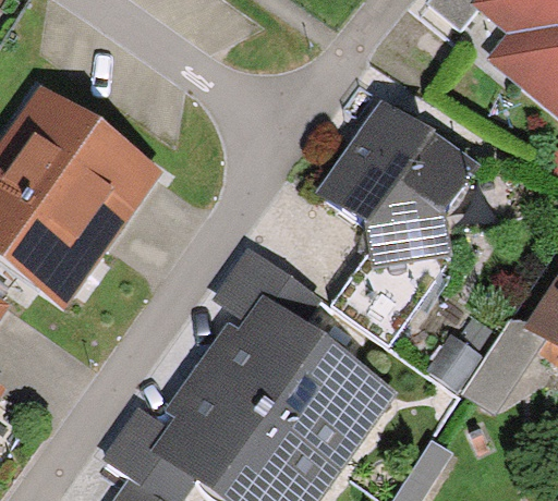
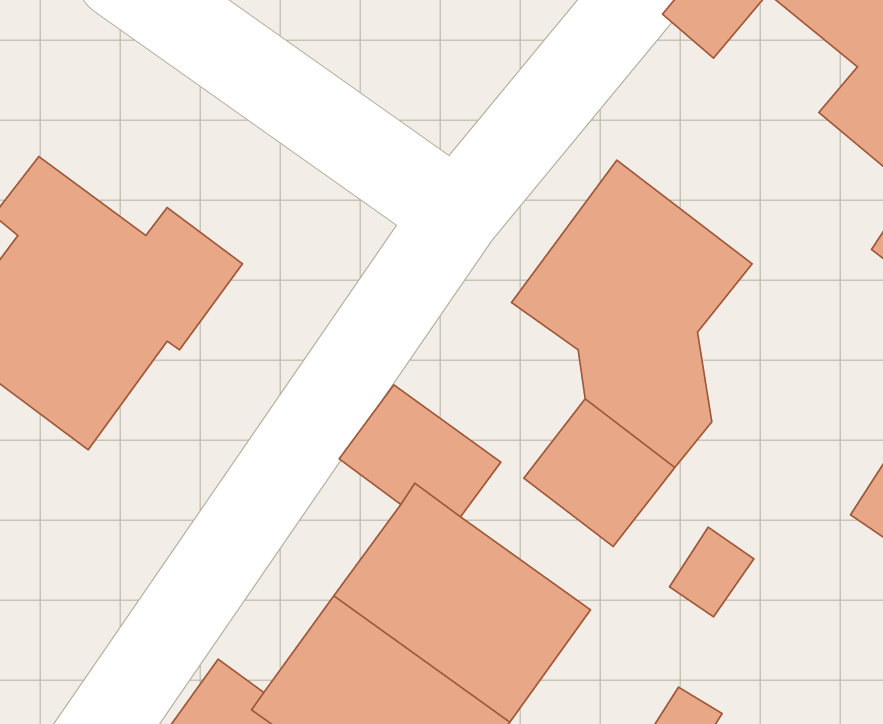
building: [461,314,547,415] -> none

